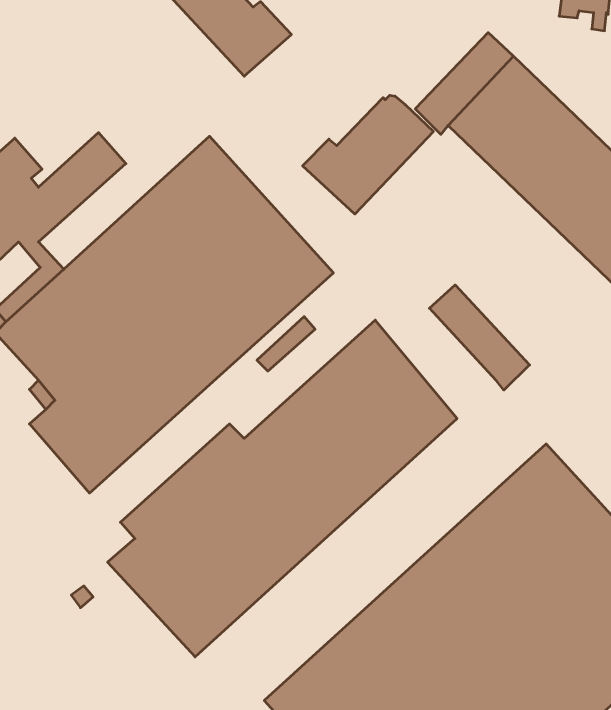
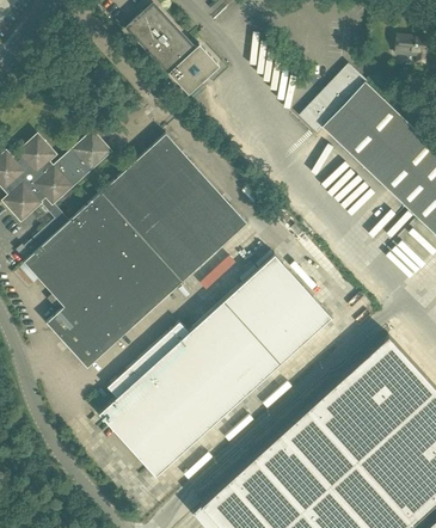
building: [303,95,433,214] -> none
building: [429,285,530,390] -> none

